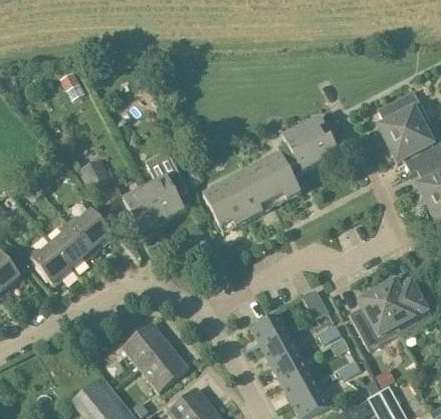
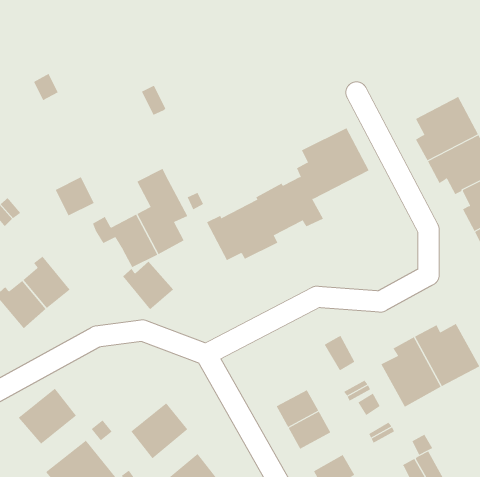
building: [67,209,110,250] -> [122,261,174,310]
building: [251,315,287,347] -> none
building: [121,321,170,368] -> [18,388,77,444]
building: [281,369,317,401] -> none

